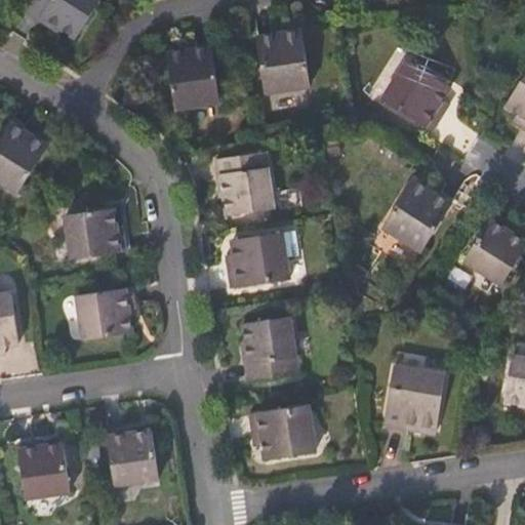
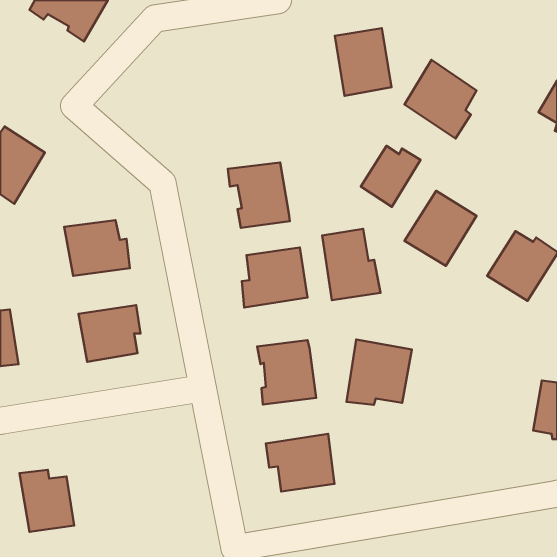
building: [257,30,311,93] -> [335,28,391,96]
building: [169,47,220,110] -> none
building: none -> [361,146,421,207]
building: none -> [322,229,381,300]
building: [386,368,447,430] -> [346,340,412,405]
building: [107,429,159,487] -> none

